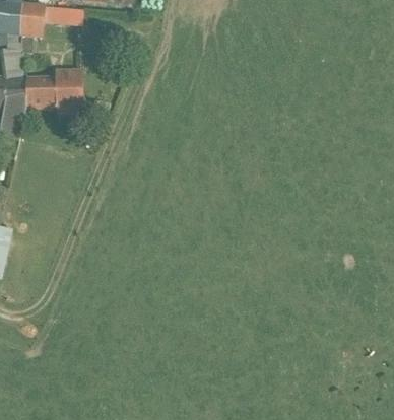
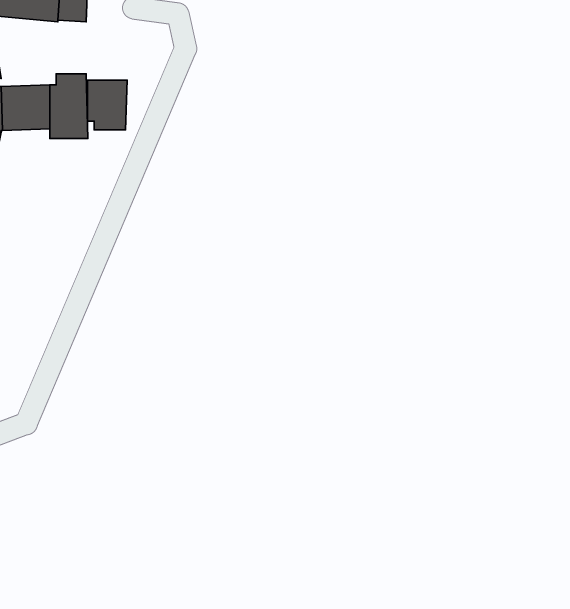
building: none -> [87,80,127,130]

